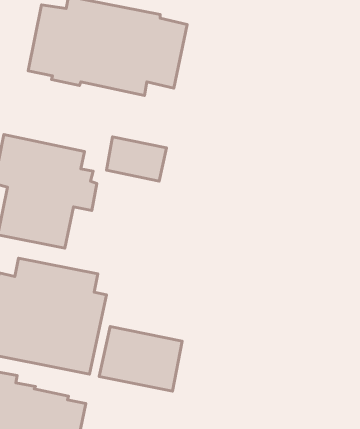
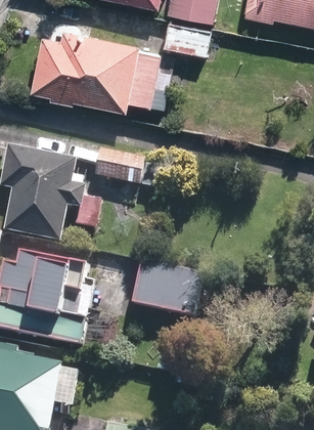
building: [99,326,182,391] -> [132,262,201,316]

